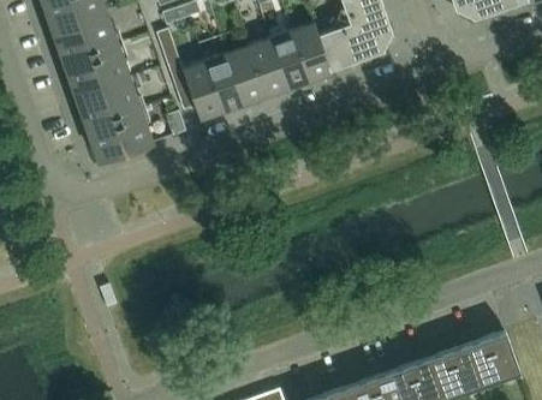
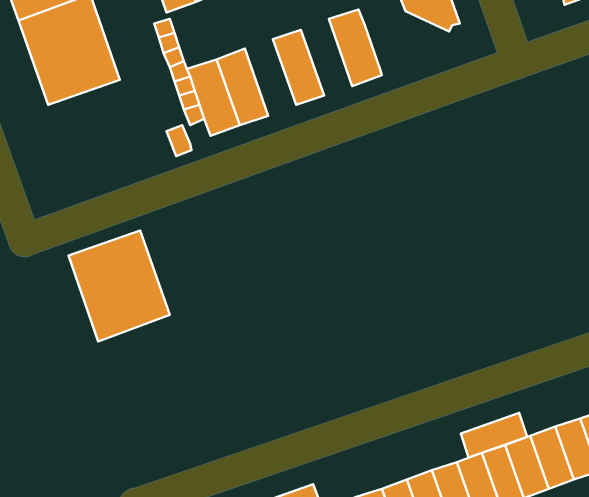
building: [320,24,385,70] -> none
building: [270,30,310,89] -> none
building: [227,46,267,105] -> none
building: [76,77,154,162] -> [68,231,170,341]
building: none -> [461,413,527,458]

